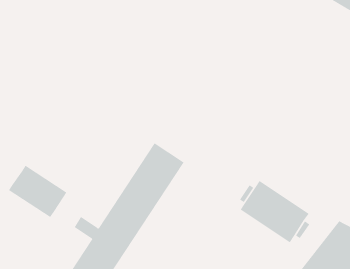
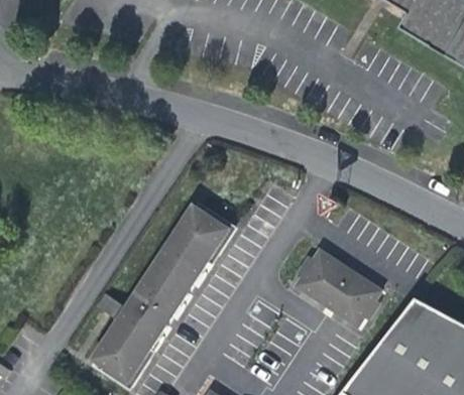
building: [8,165,67,218] -> none

